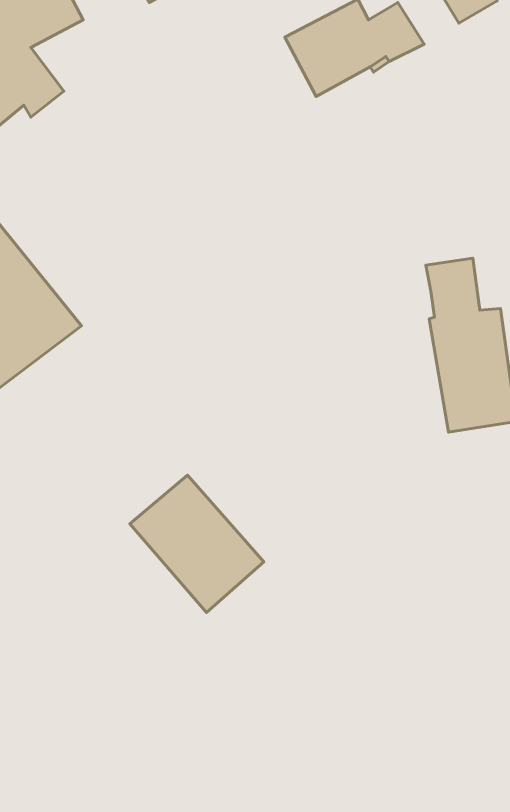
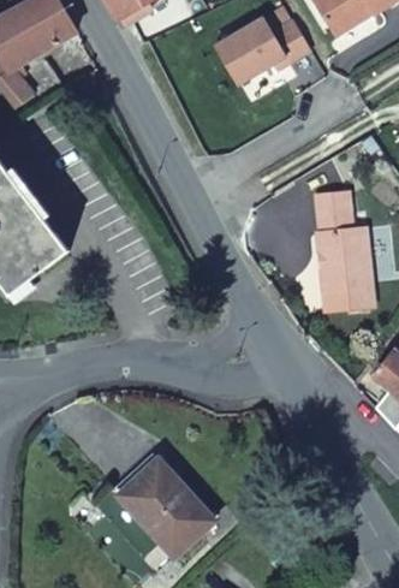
building: [130,475,264,612] -> [118,461,210,556]

